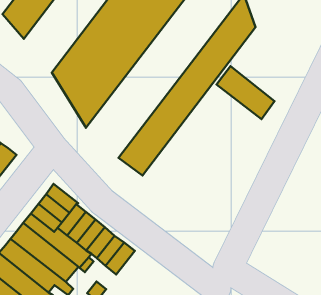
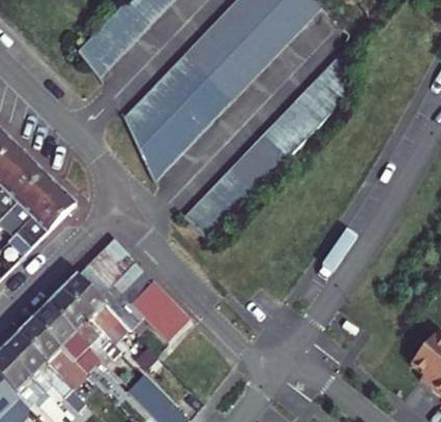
building: [216,66,274,119] -> none

